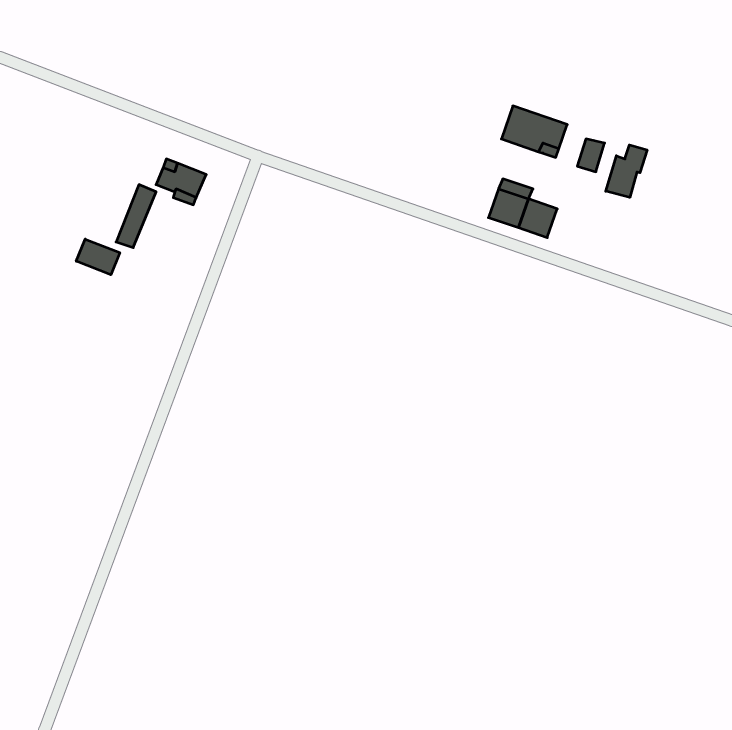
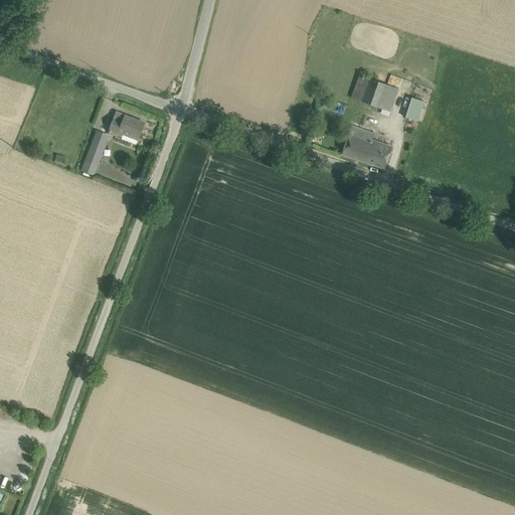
building: [606,145,647,197] -> none
building: [76,239,120,275] -> none

